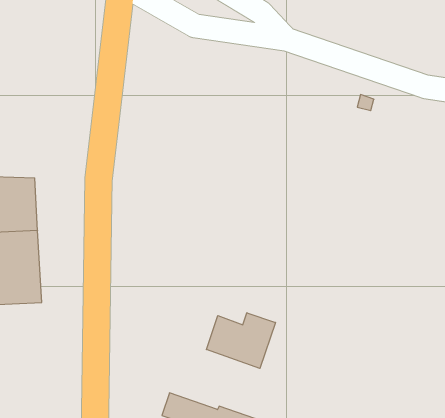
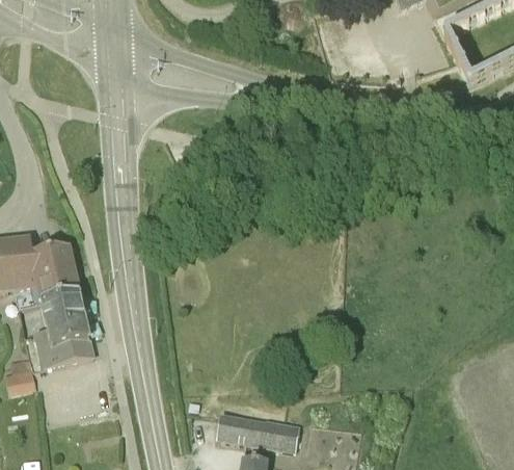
building: [206,313,275,368] -> none

